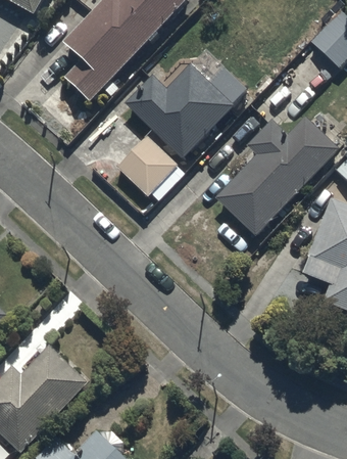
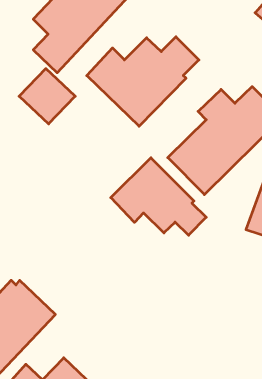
building: [113,144,176,205] -> [19,69,75,124]
building: none -> [111,158,206,235]

